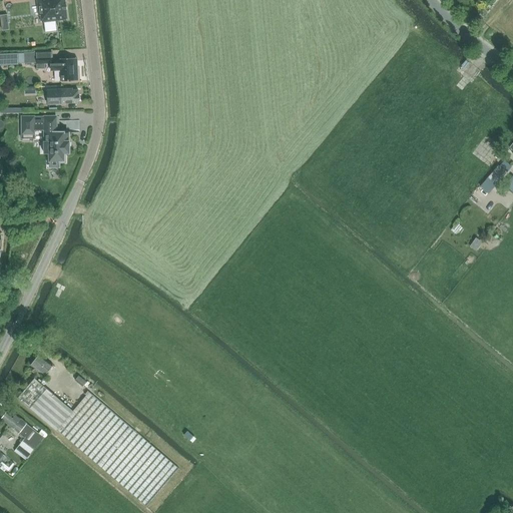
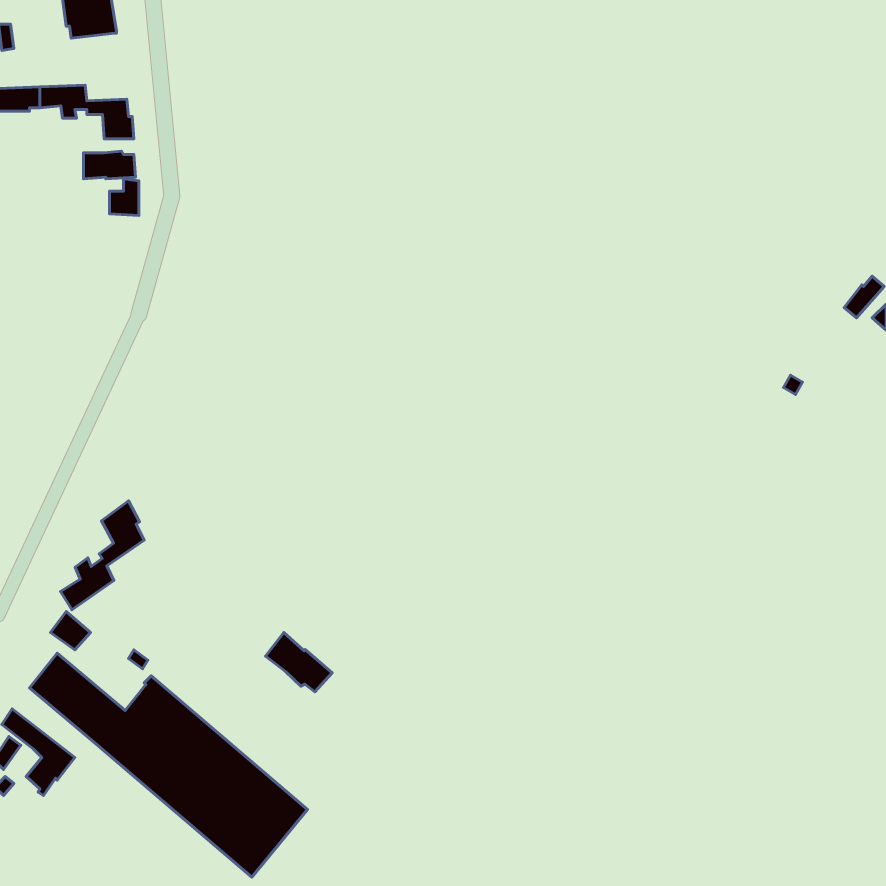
building: [21,115,67,165] -> none
building: none -> [60,501,144,610]
building: none -> [266,633,332,692]

